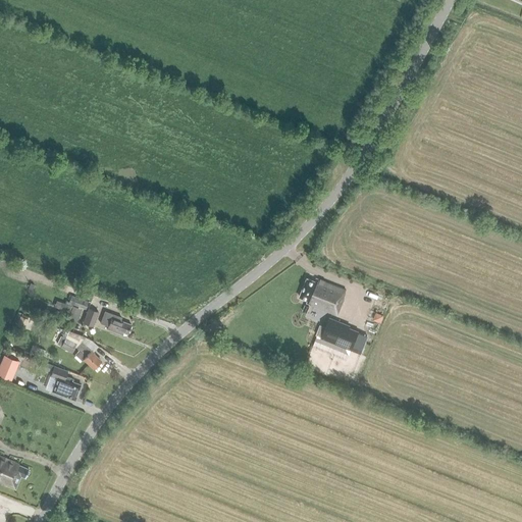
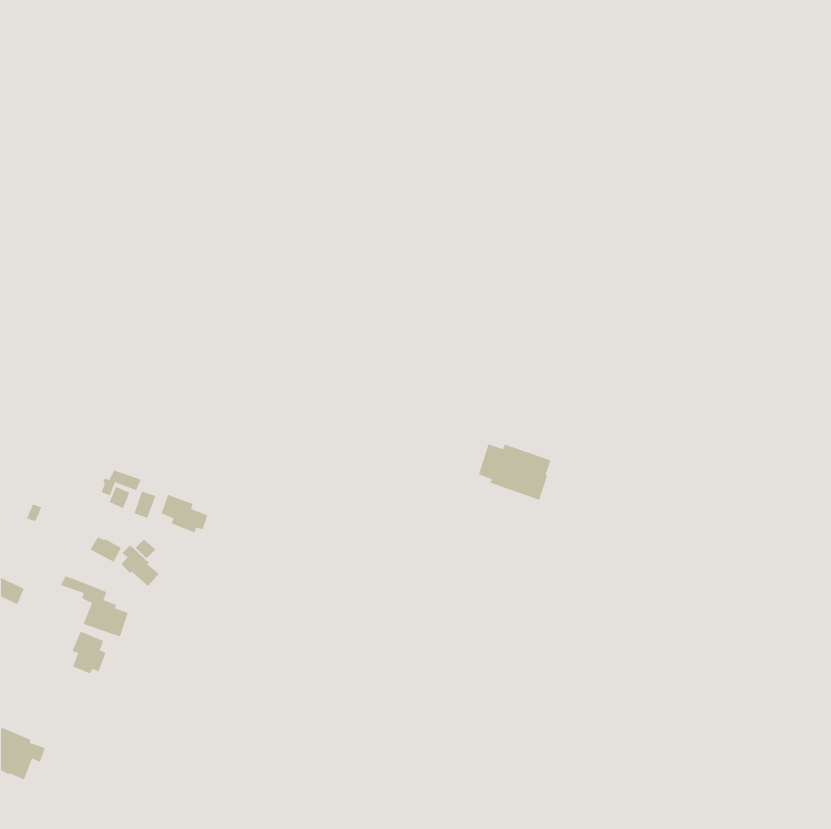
building: [321,317,358,349] -> none
building: none -> [72,631,106,674]

